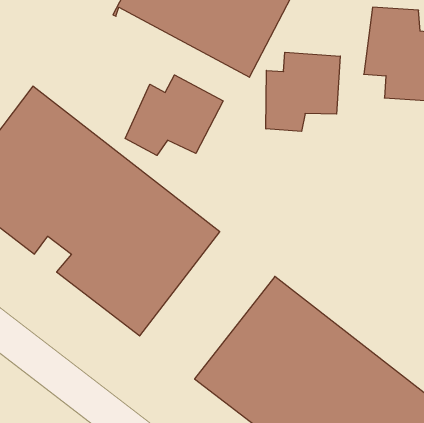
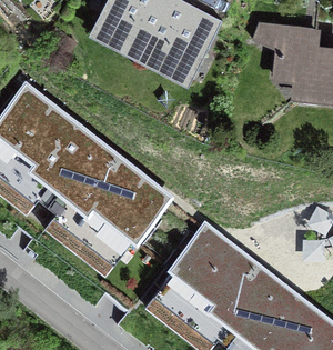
building: [266,52,340,131] -> none
building: [125,75,223,155] -> none

